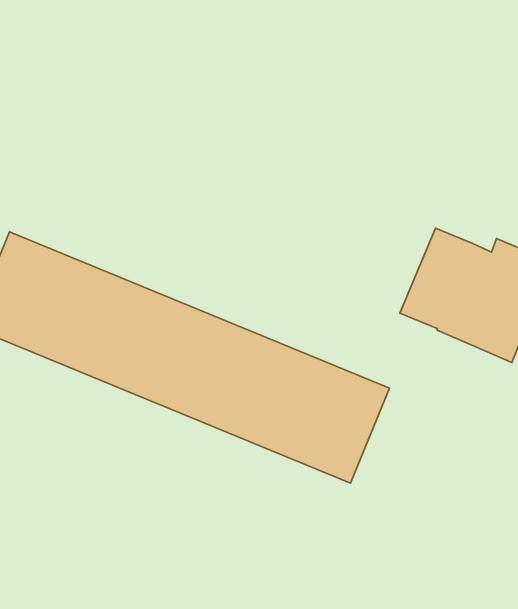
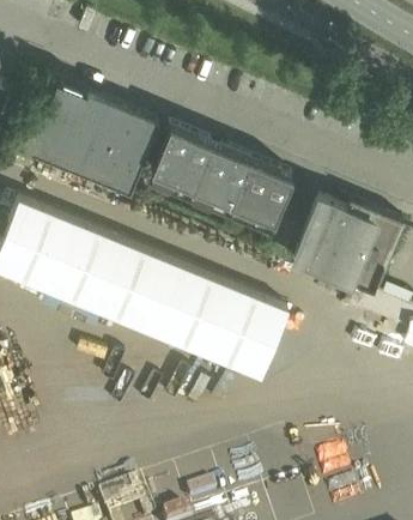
building: none -> [20,79,159,196]
building: none -> [151,128,292,223]

